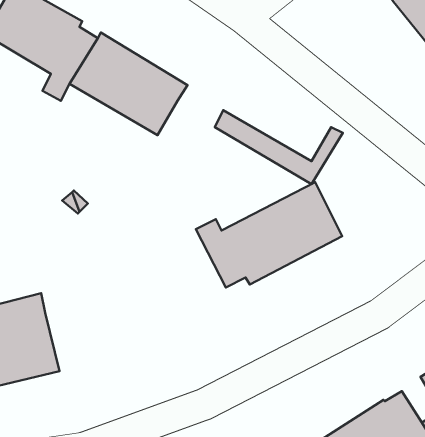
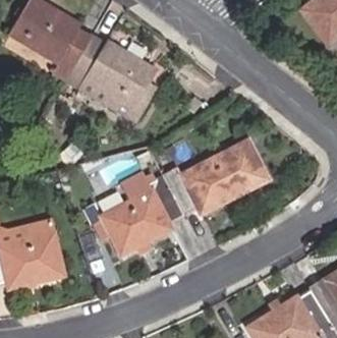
building: [215,110,343,184] -> [65,70,157,123]
building: none -> [94,170,183,256]

